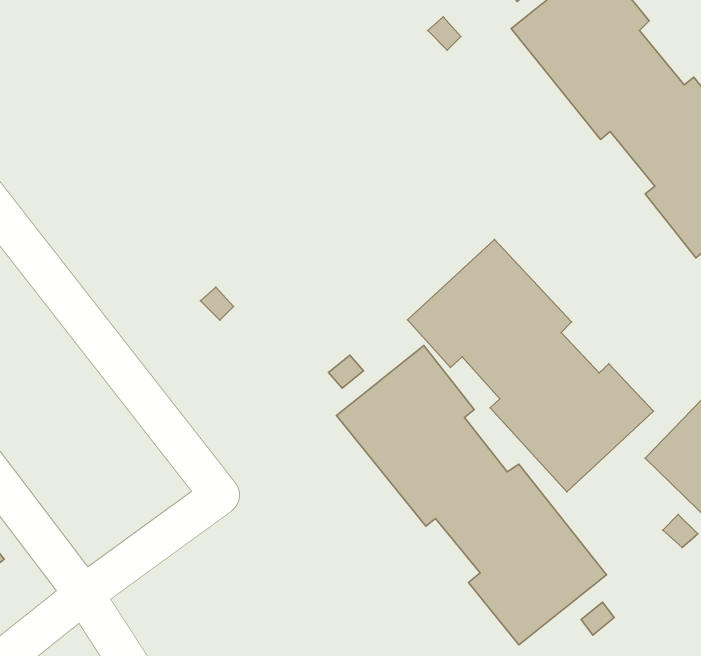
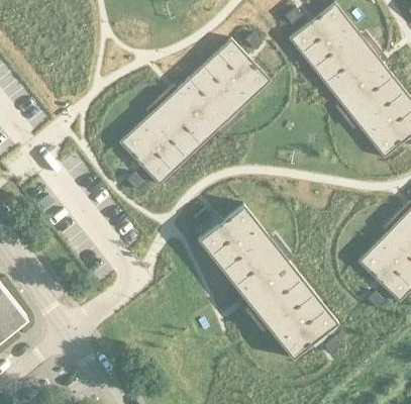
building: none -> [118,38,270,185]
building: [407,239,654,492] -> none

